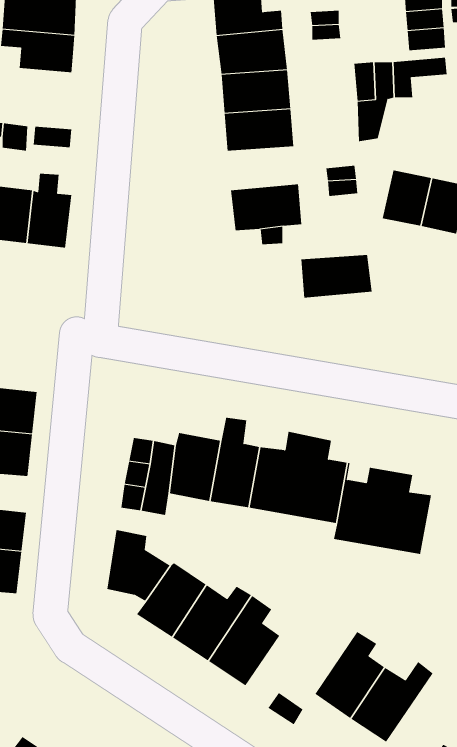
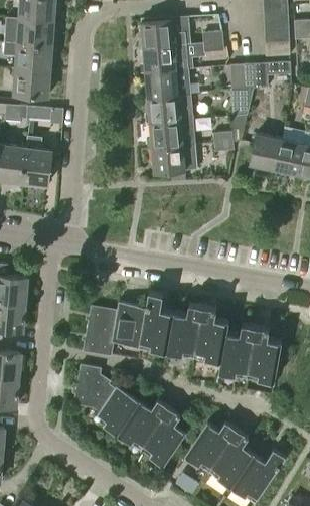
building: none -> [14,68,50,96]
building: [301,254,372,298] -> [150,119,196,147]
building: none -> [184,423,234,471]

